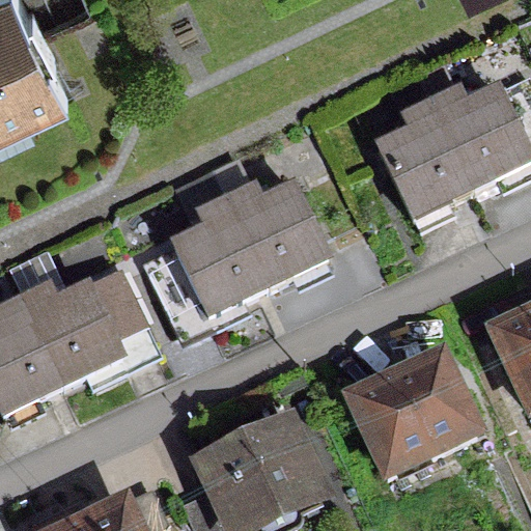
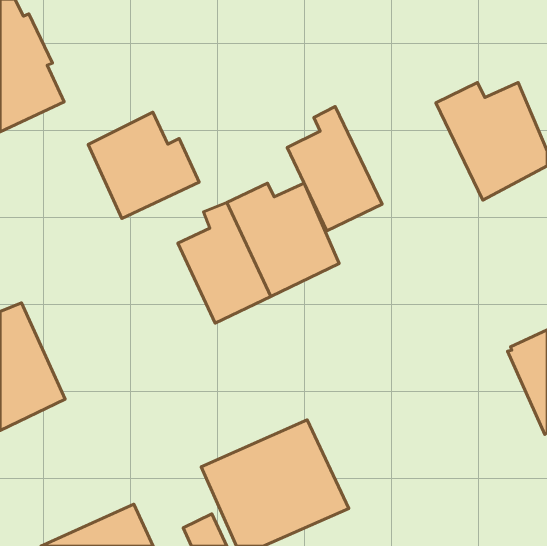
building: [375,100,468,220] -> [287,107,382,231]
building: none -> [88,112,199,218]
building: [21,264,149,387] -> none
building: [347,366,472,483] -> none

